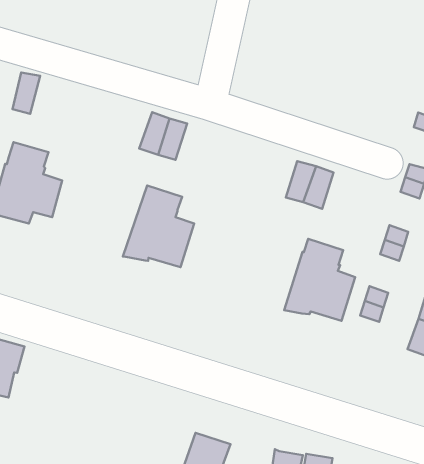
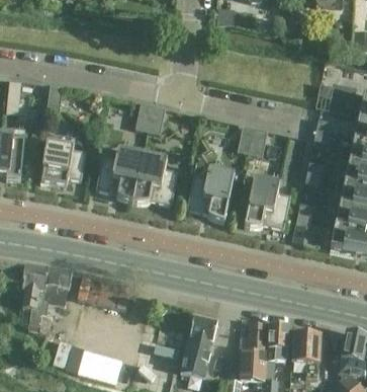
building: none -> [95,147,143,202]
building: none -> [186,166,234,221]

